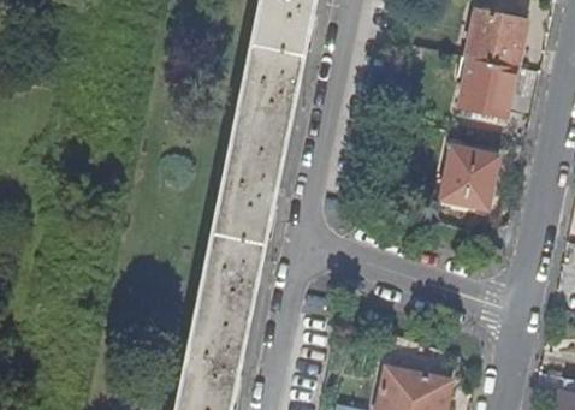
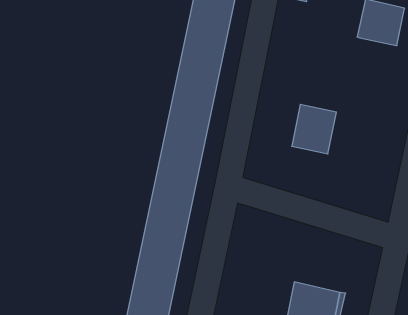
building: [460,59,515,118] -> none
building: [440,147,497,209] -> [292,104,336,154]

